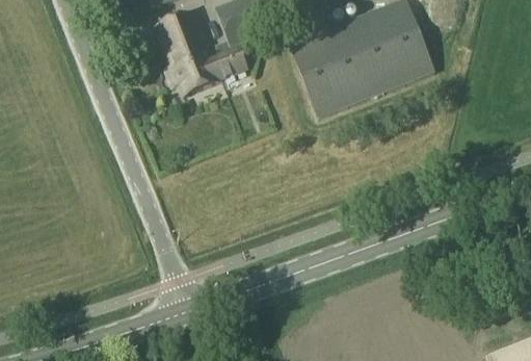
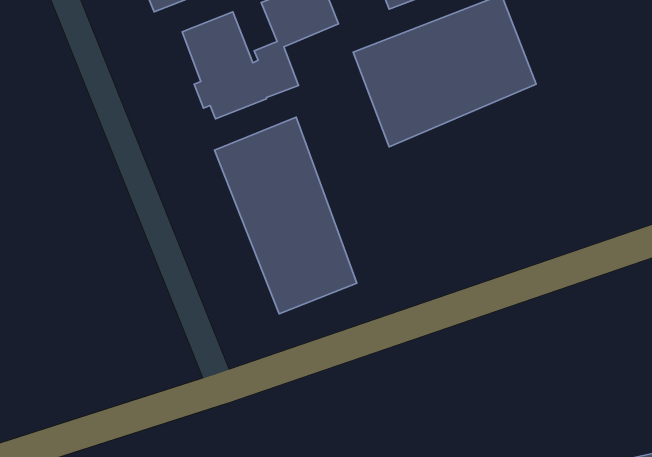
building: none -> [214,117,357,314]

